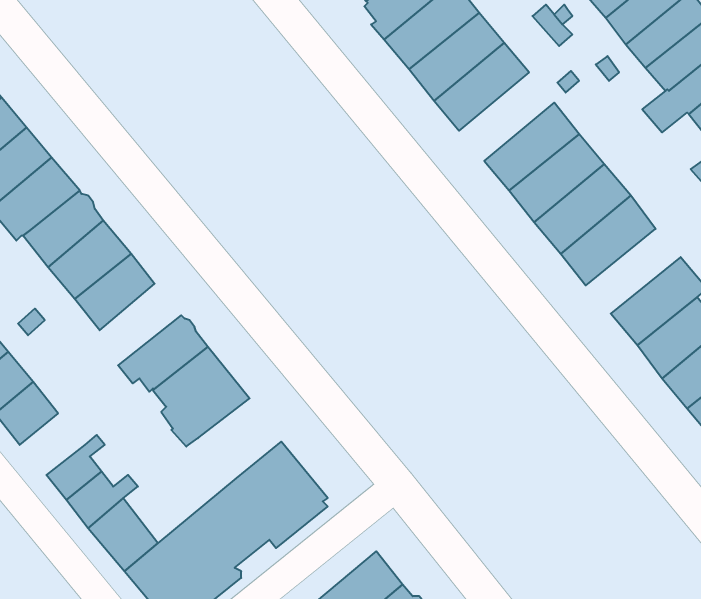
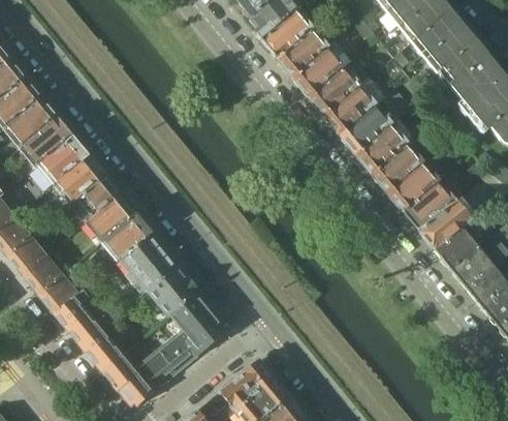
building: none -> [310,62,369,117]
building: none -> [388,159,447,212]
building: none -> [87,193,137,241]
building: none -> [148,265,201,315]
building: none -> [37,274,77,312]

